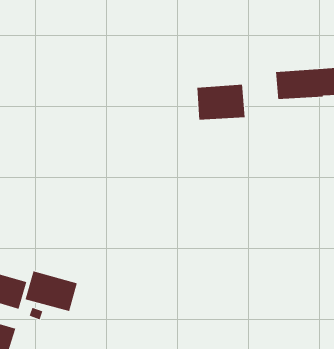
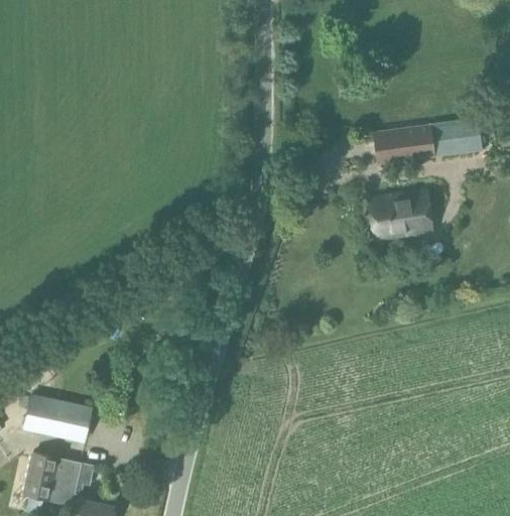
building: [197,84,245,120] -> [370,191,431,239]
building: [25,270,77,312] -> none

